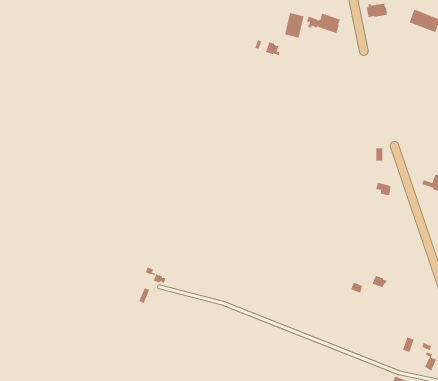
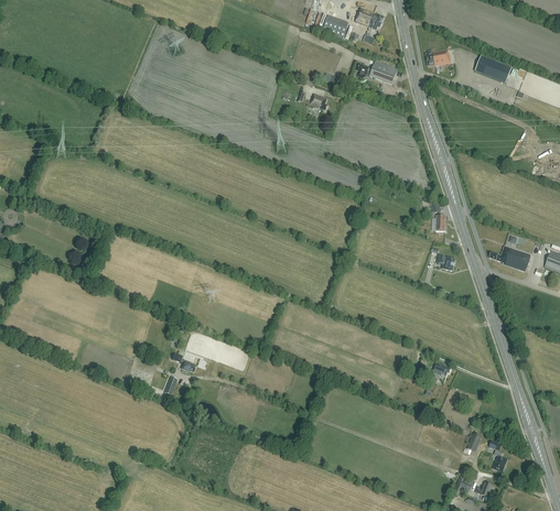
building: [285,12,304,38] -> none

